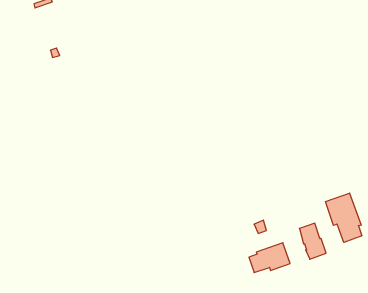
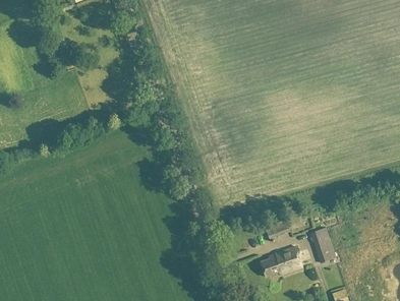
building: [326,193,362,242] -> none

